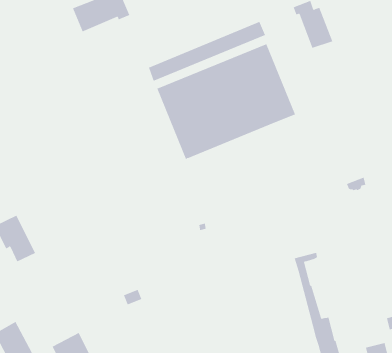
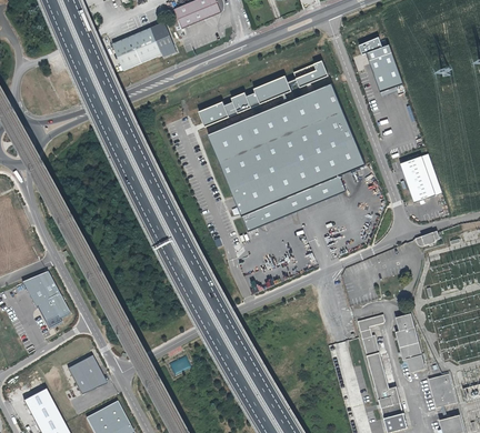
building: none -> [399,152,440,200]
building: none -> [240,171,344,229]
building: none -> [393,313,424,371]
building: none -> [71,358,109,396]
building: none -> [428,373,456,407]

